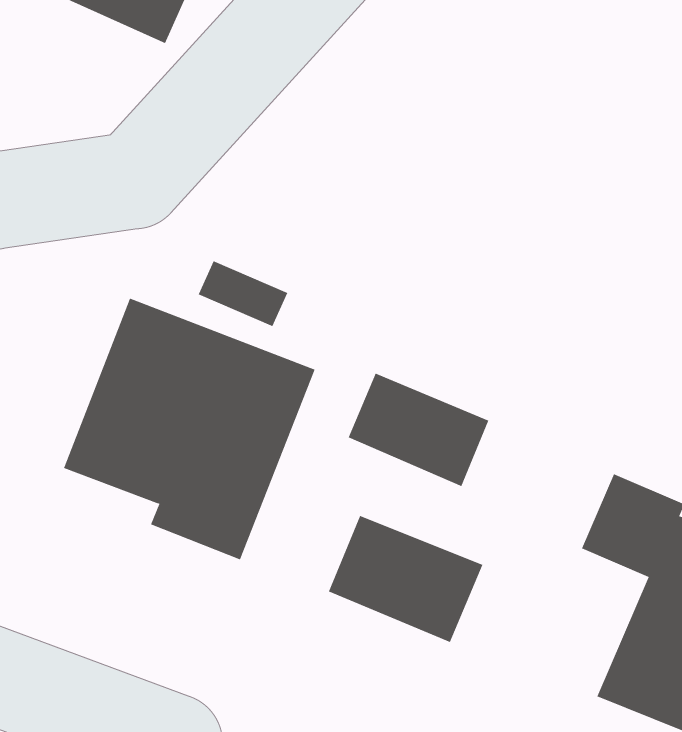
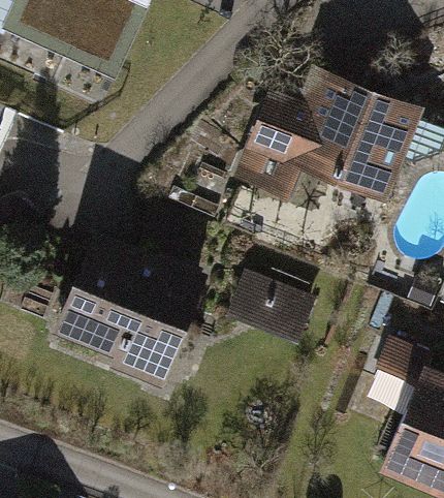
building: none -> [239,70,422,199]
building: [328,515,483,643] -> none

